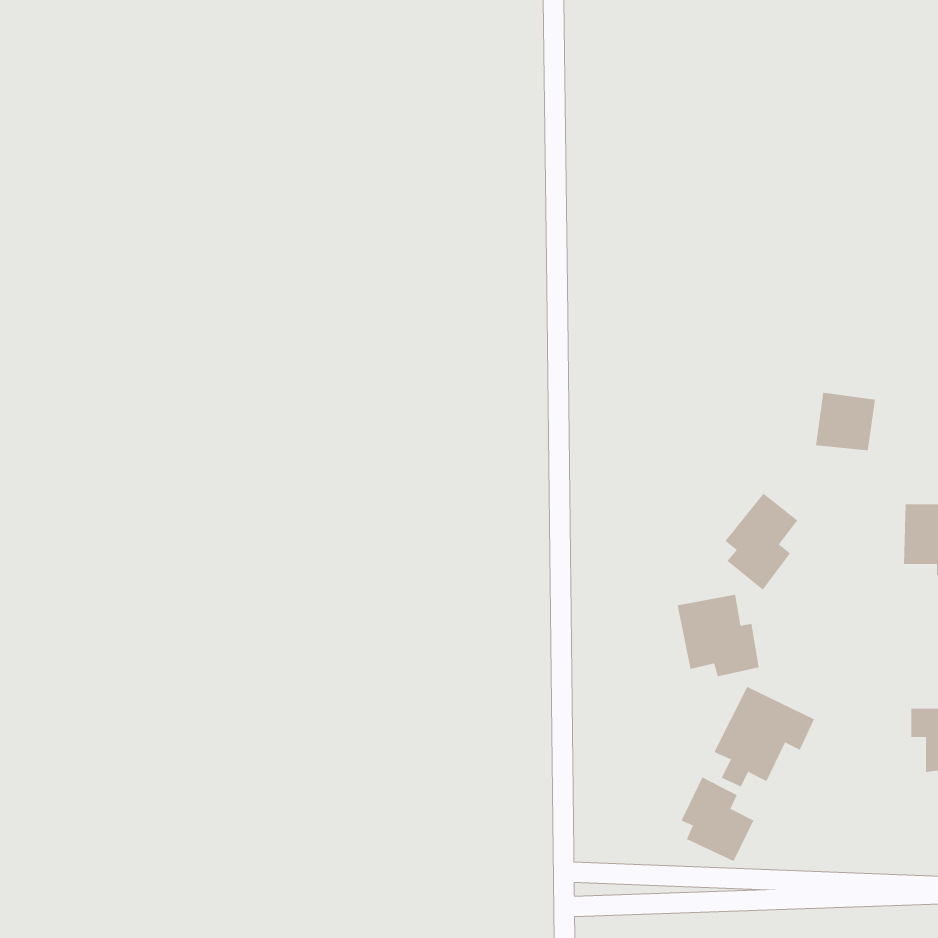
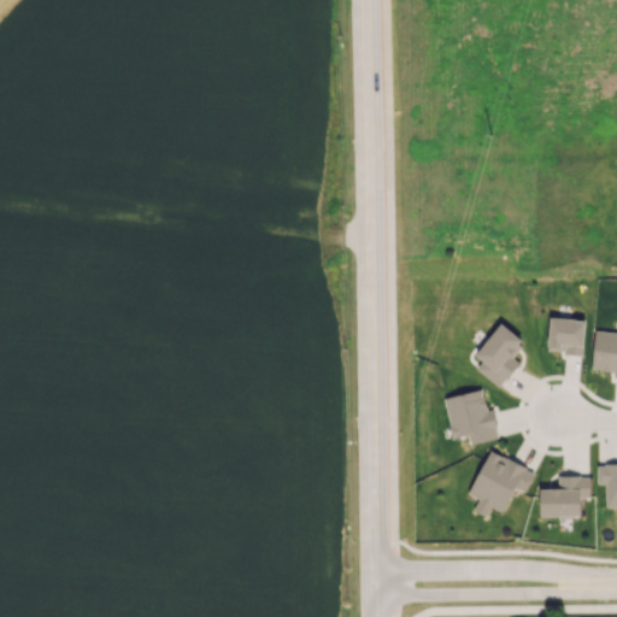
building: [815,392,876,451] -> [547,317,587,355]
building: none -> [541,477,590,517]
building: [681,776,754,862] -> none

